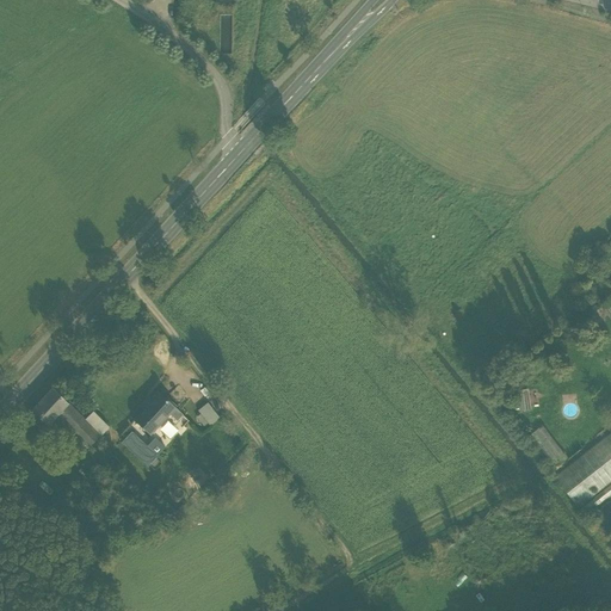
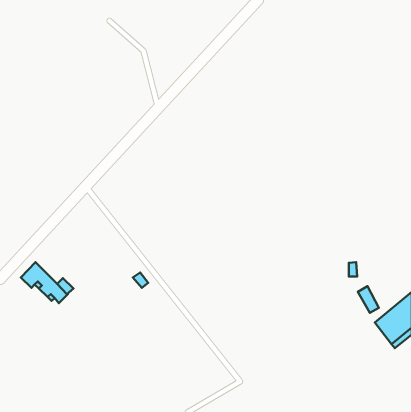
building: [135,391,175,434] -> none
building: [122,431,166,467] -> none

